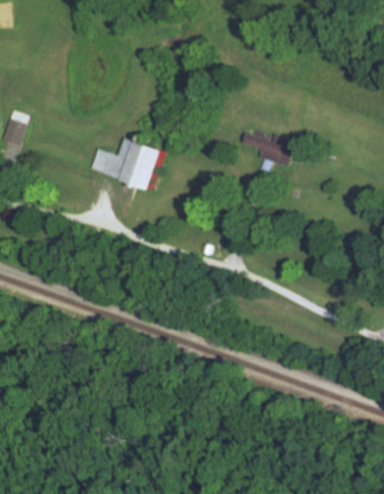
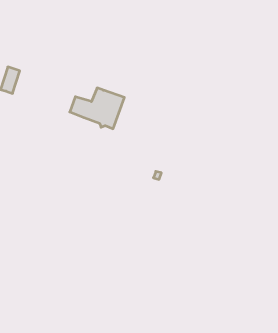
building: [240,133,292,170] -> none

